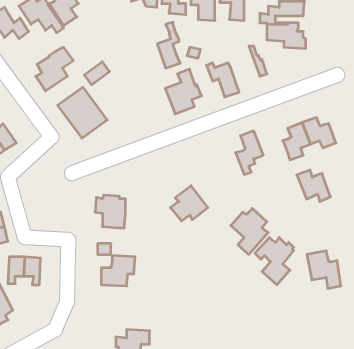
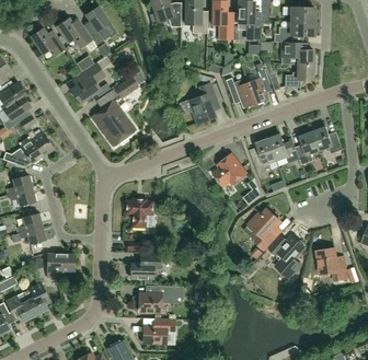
building: [157,22,180,68] -> [248,62,268,104]
building: none -> [285,63,315,86]
building: [297,170,331,202] -> [268,135,299,163]
building: [170,186,208,221] -> [212,154,246,186]
building: none -> [139,286,173,312]

